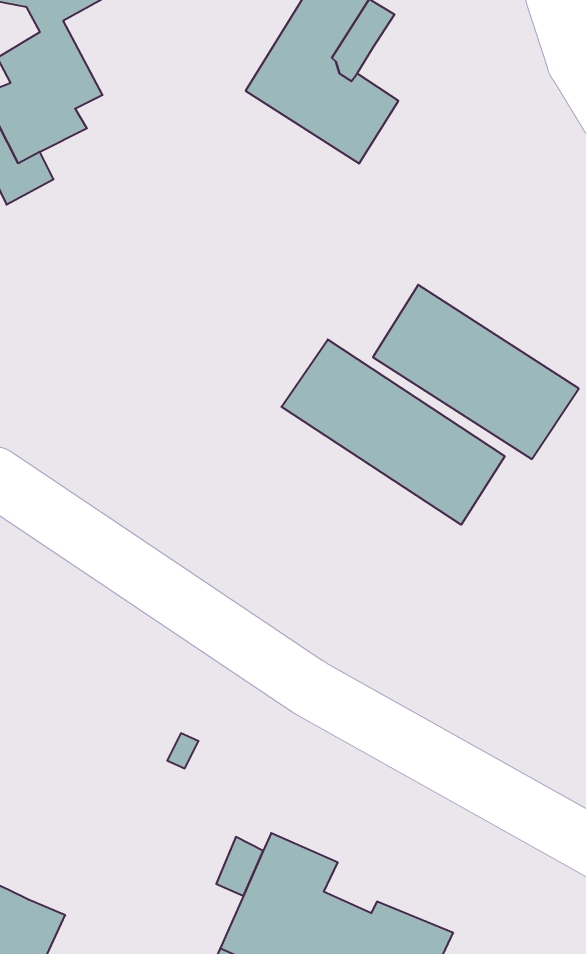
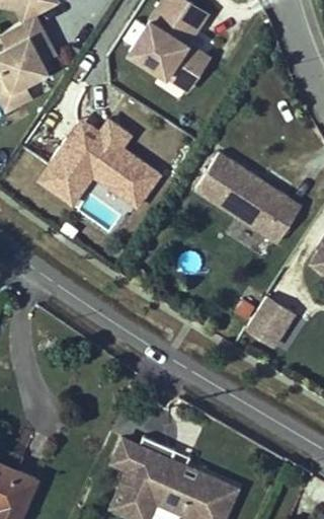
building: none -> [35,113,163,206]
building: [281,339,505,525] -> none
building: none -> [246,298,295,348]

